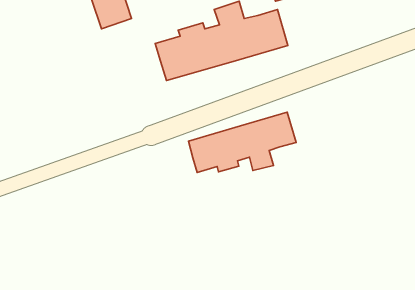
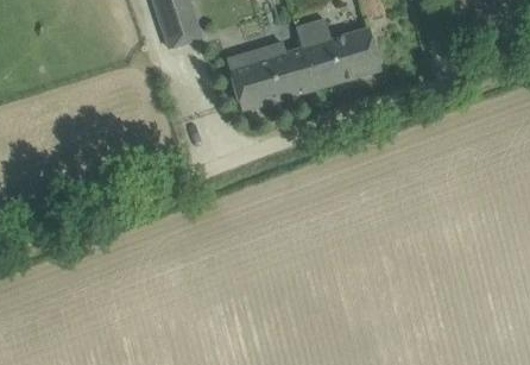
building: [188,112,296,172] -> none

